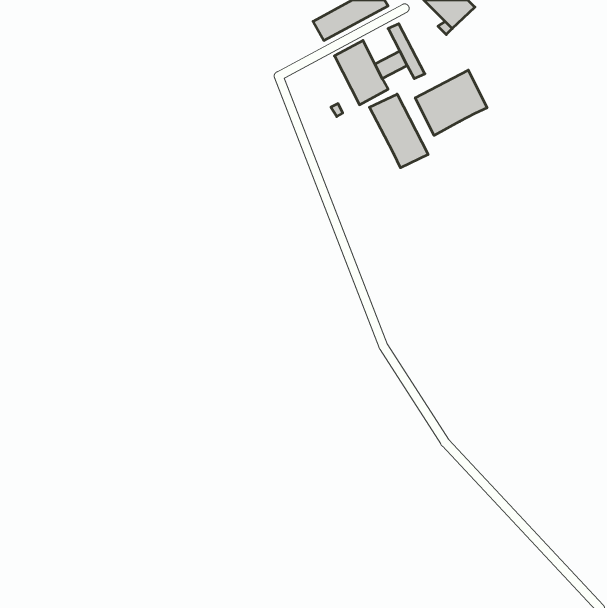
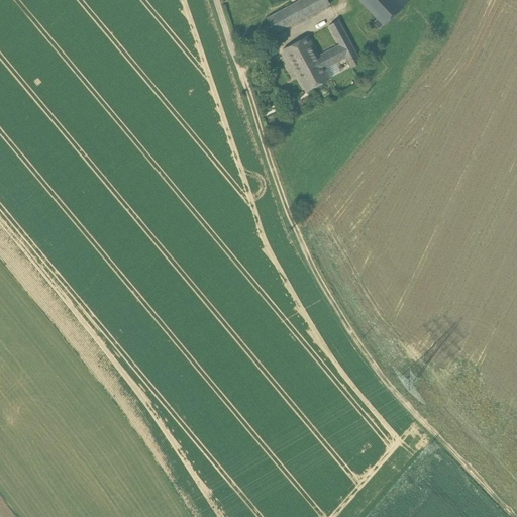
building: [415,70,487,135] -> none
building: [369,94,428,168] -> none

